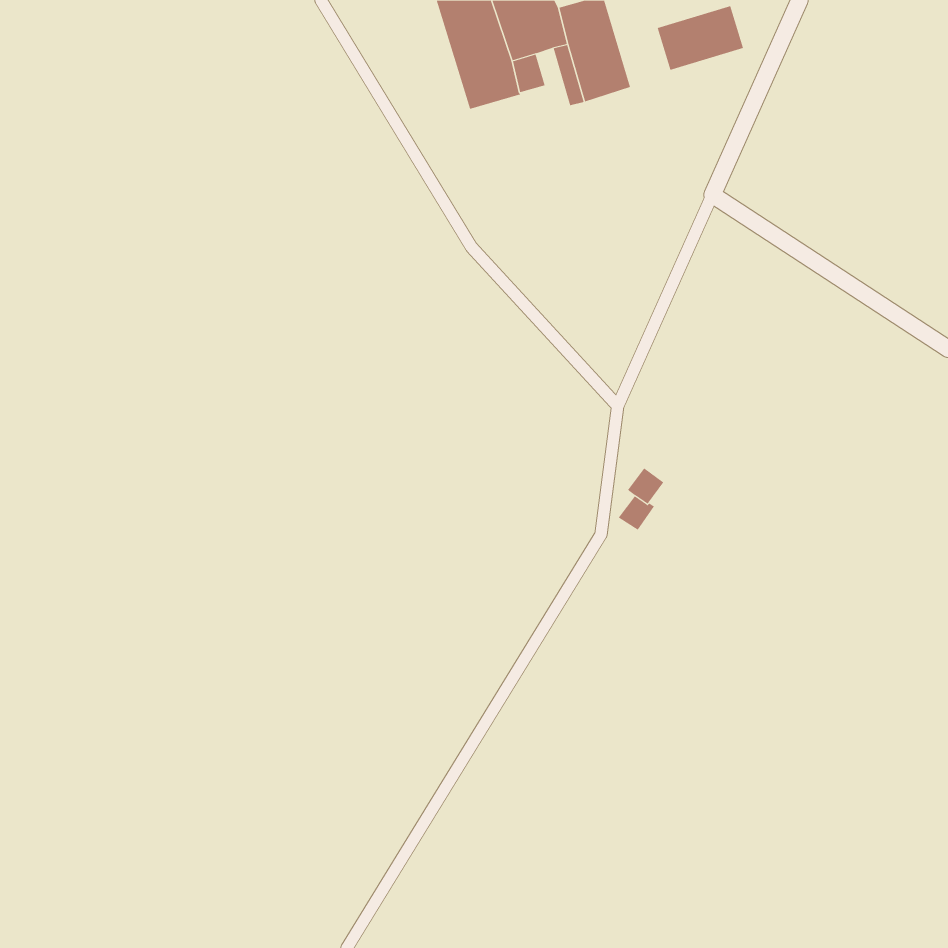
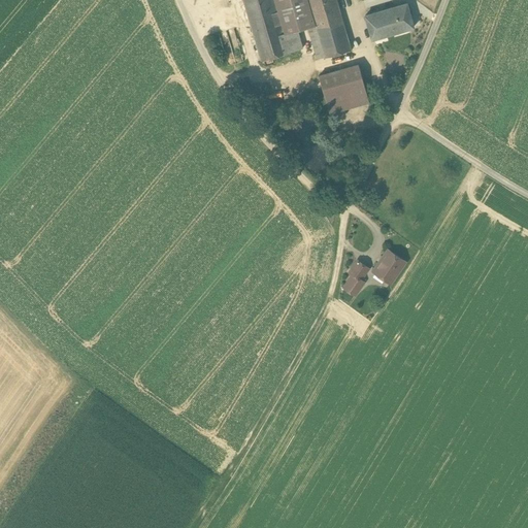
building: none -> [319,64,369,113]
building: none -> [373,250,405,284]

